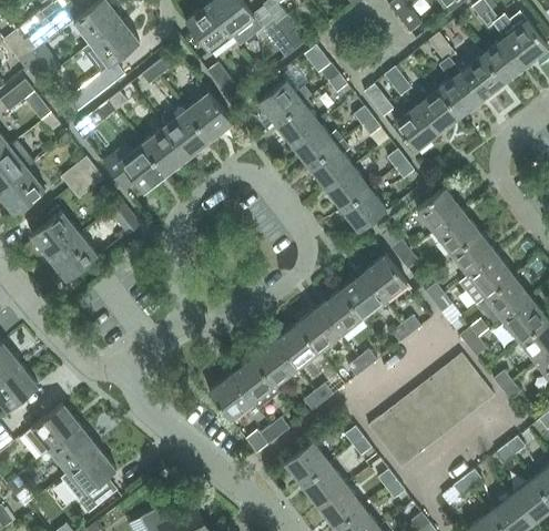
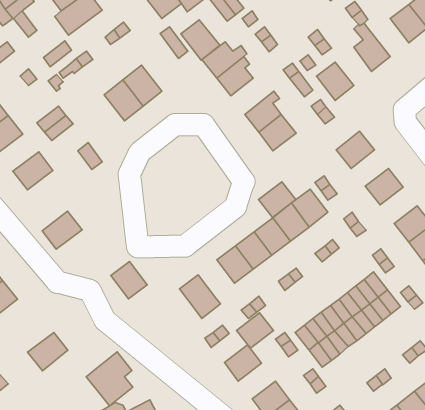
building: [454,45,504,99] -> none
building: [416,88,459,133] -> none
building: [185,92,232,140] -> [181,20,220,60]
building: [292,124,343,167] -> none
building: [103,144,165,192] -> none
building: [342,190,386,232] -> [259,182,296,217]
building: [435,210,479,253] -> none
building: [50,234,98,279] -> [42,211,82,249]
building: [459,254,514,305] -> none
building: [253,340,296,386] -> none
building: [209,375,252,419] -> [111,262,147,299]
building: [24,405,81,457] -> none
building: [61,448,116,512] -> [86,352,133,406]
building: [301,463,345,506] -> [236,313,274,348]

